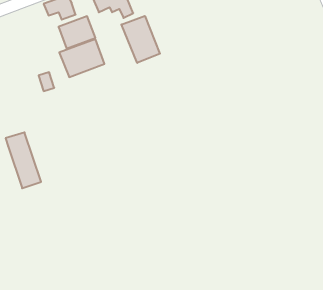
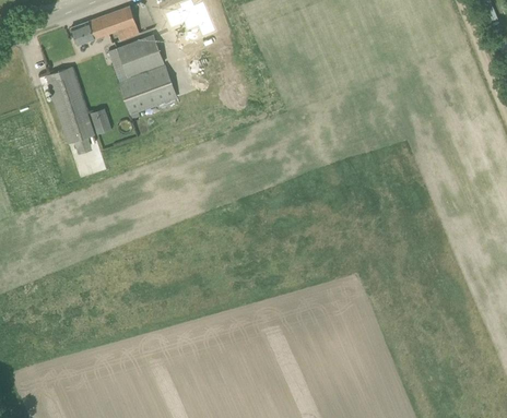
building: none -> [70,19,103,44]
building: [121,16,160,63] -> none
building: [6,132,41,188] -> [46,68,93,142]

